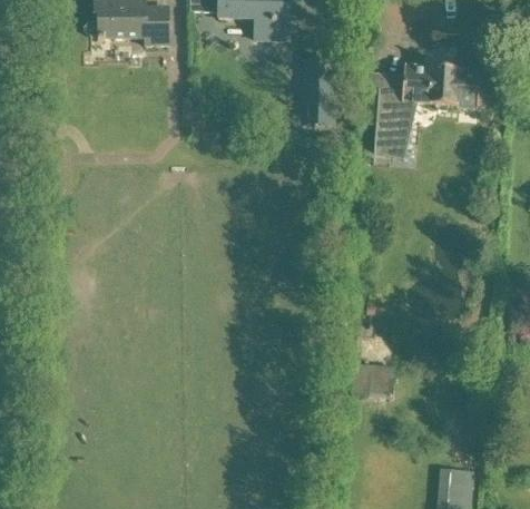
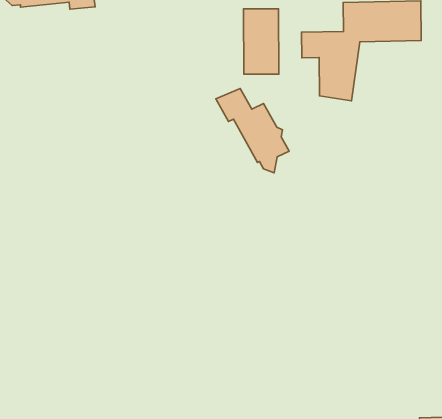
building: none -> [216,89,289,173]
building: [351,362,395,395] -> none

